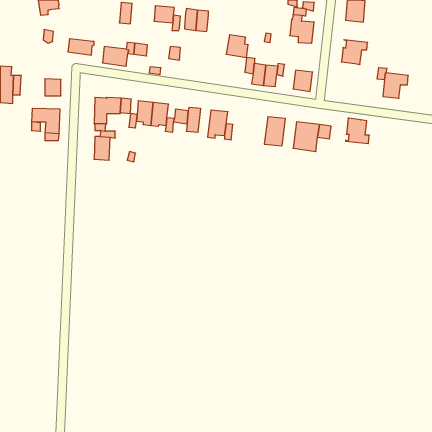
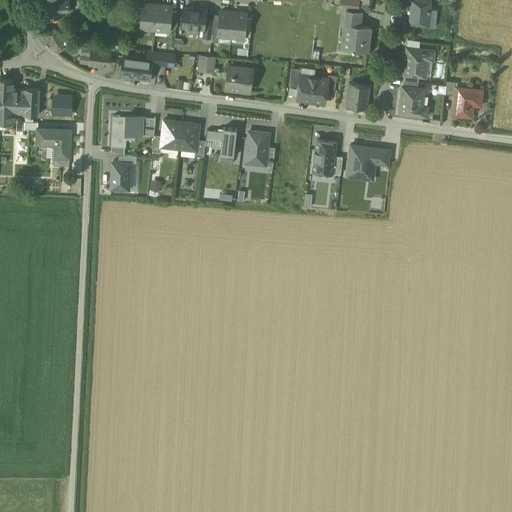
building: none -> [155,5,173,31]
building: [226,35,248,58] -> [226,66,252,93]
building: none -> [25,89,40,116]
building: [346,118,369,144] -> [400,86,428,116]

